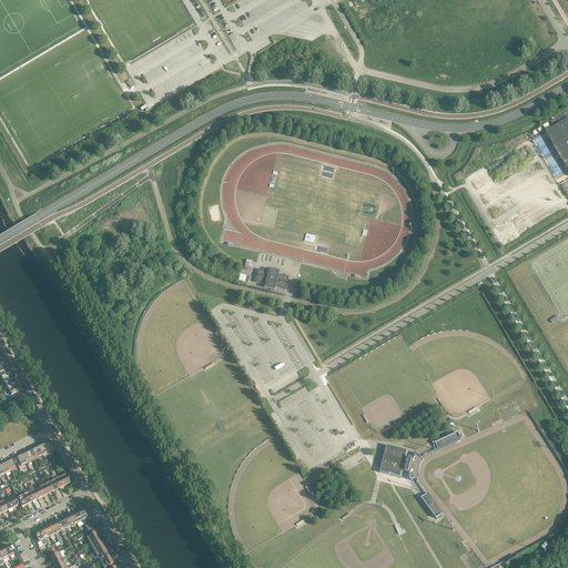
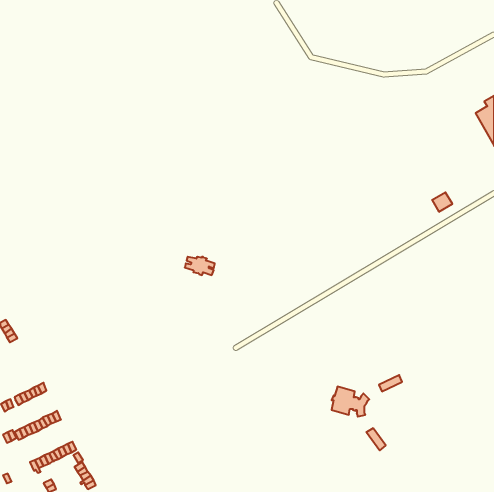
building: [254,267,288,288] -> [185,257,215,275]

